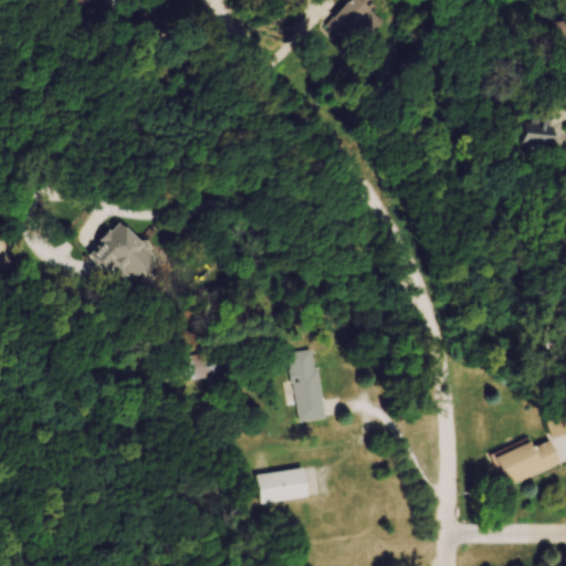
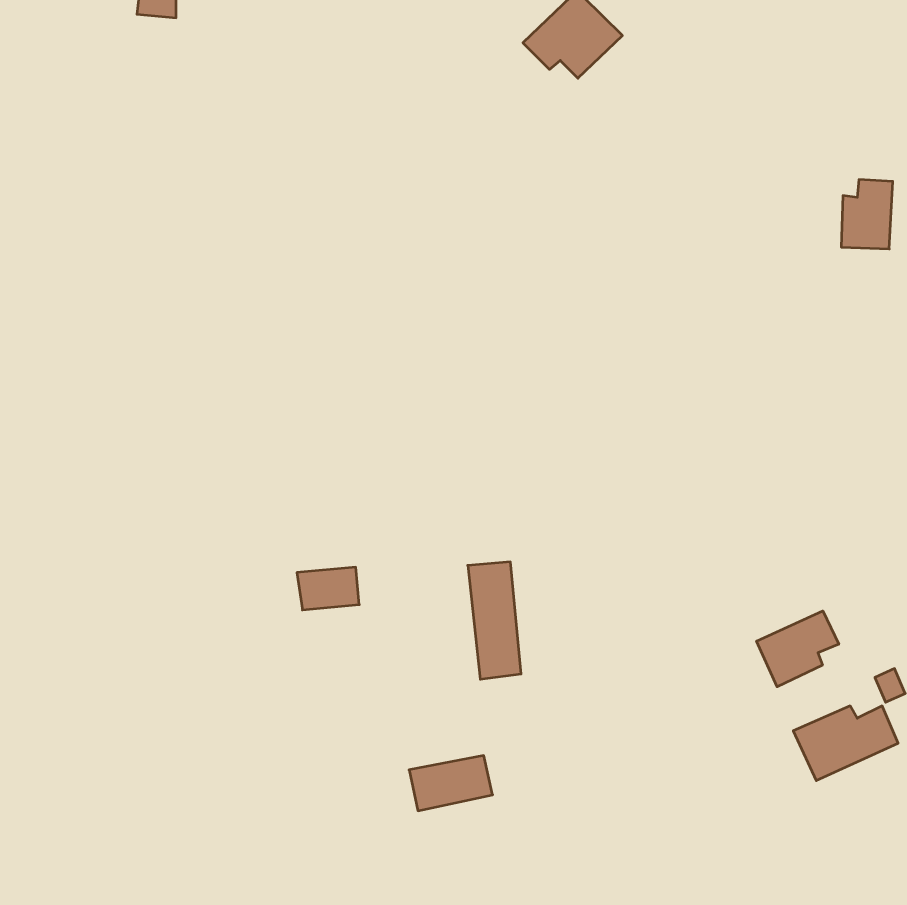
building: [93,221,159,280] -> none
building: none -> [757,611,839,687]

